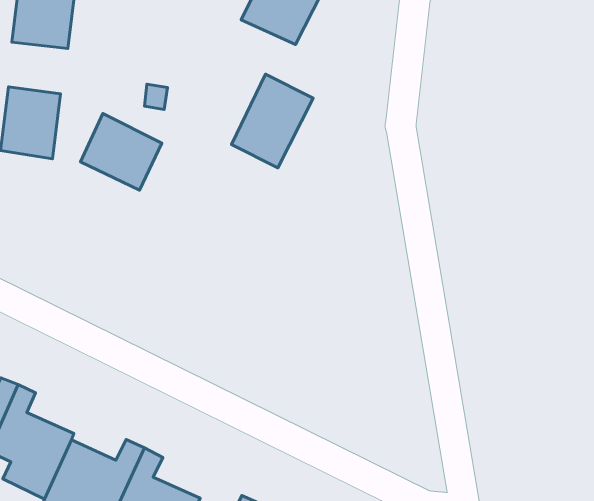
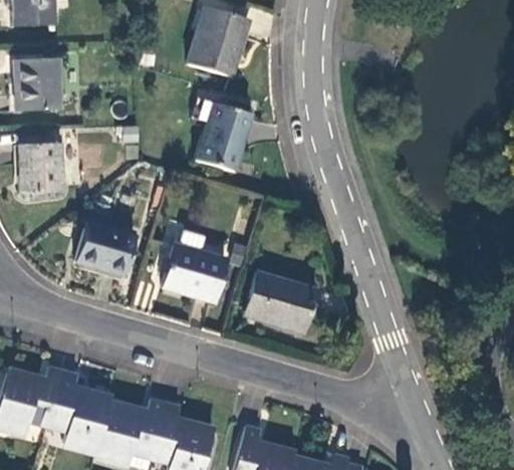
building: [80,114,162,190] -> [76,223,136,276]
building: none -> [162,233,227,302]
building: none -> [242,273,317,334]

